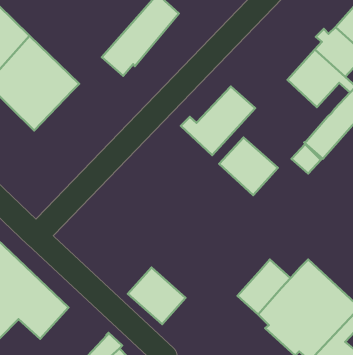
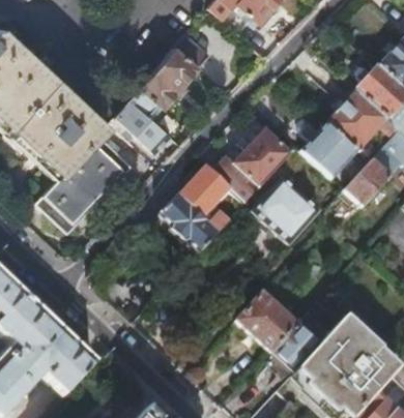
building: none -> [109,98,171,151]
building: none -> [301,122,357,178]
building: none -> [34,133,131,232]
building: none -> [158,165,247,255]
building: [128,268,186,324] -> [237,291,298,351]

